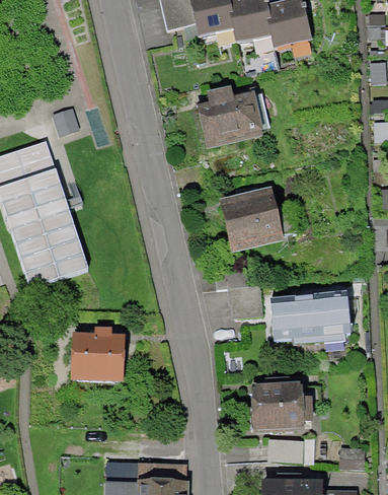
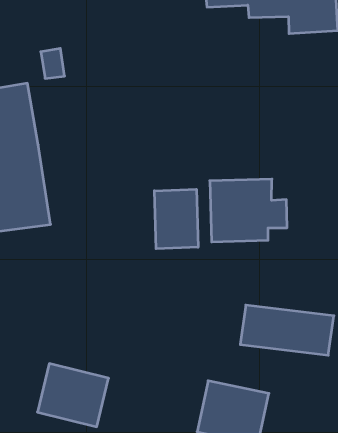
building: [196,85,268,150] -> none
building: none -> [154,189,198,249]
building: [71,330,130,379] -> [37,364,109,427]

